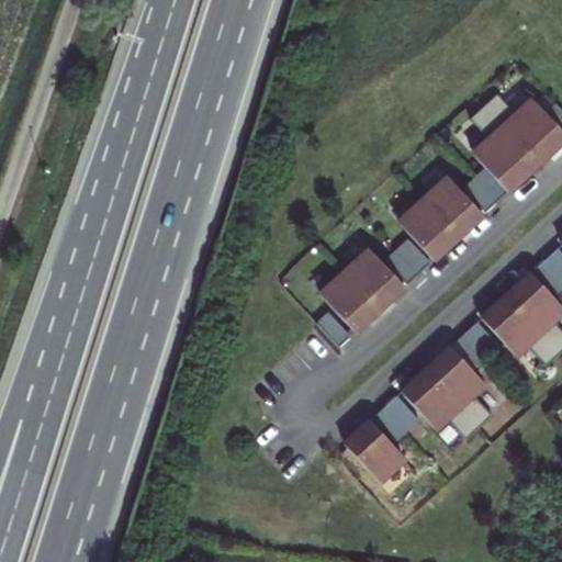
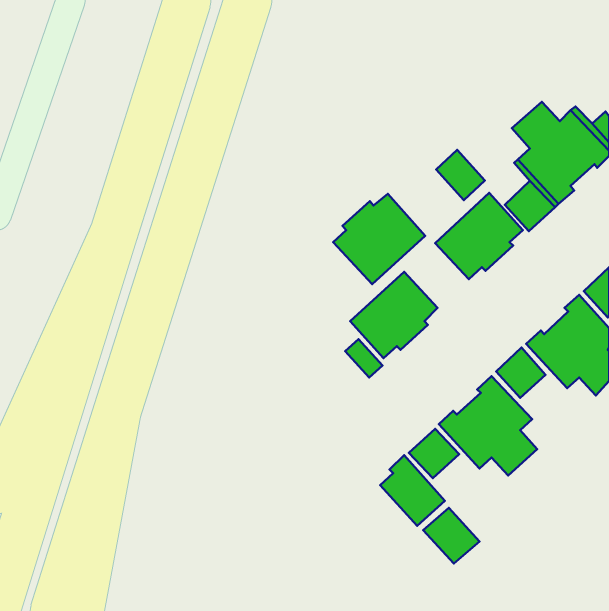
building: none -> [436,150,485,200]
building: none -> [333,194,425,284]
building: [384,238,430,284] -> none
building: none -> [423,508,480,564]

